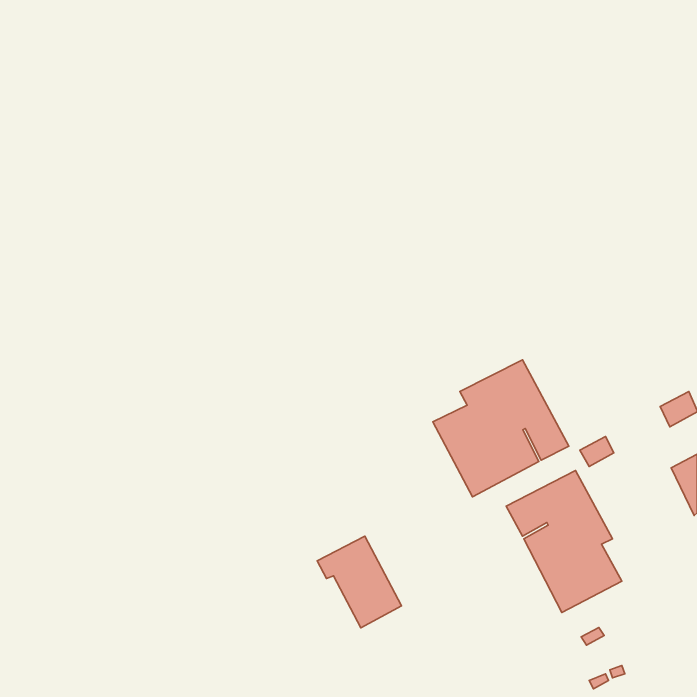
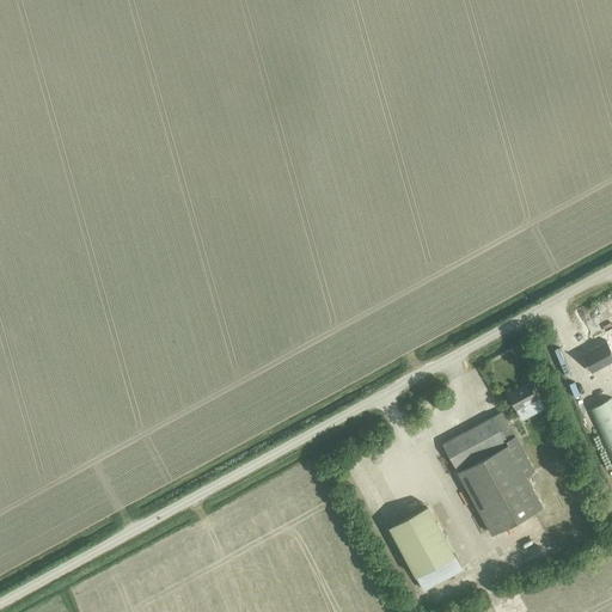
building: [433,360,569,497] -> none
building: [317,536,402,628] -> [386,509,460,589]

